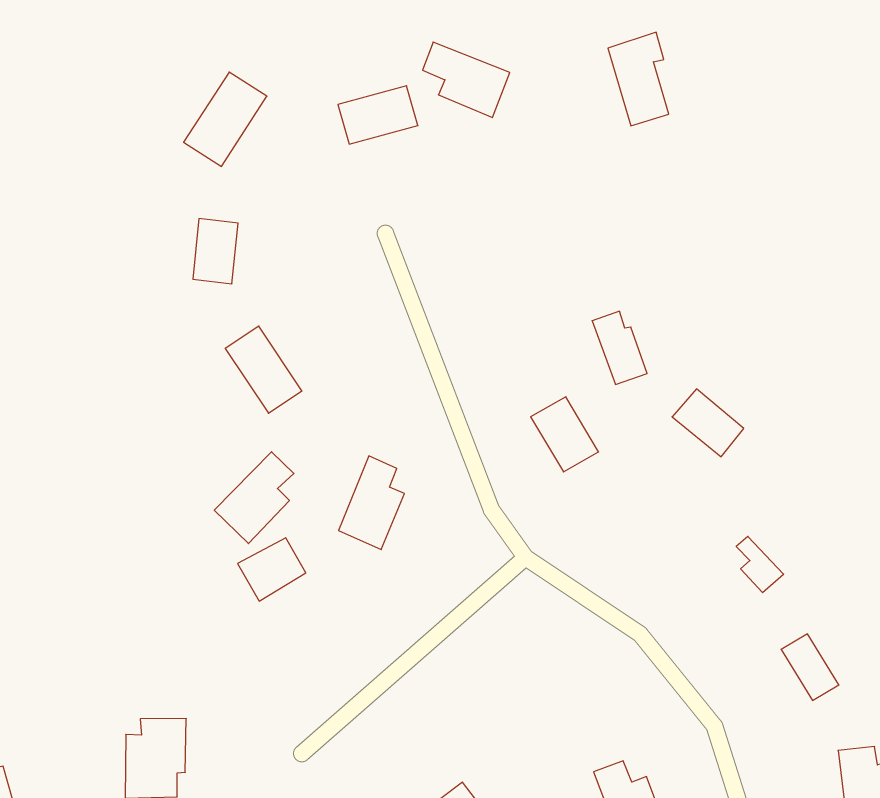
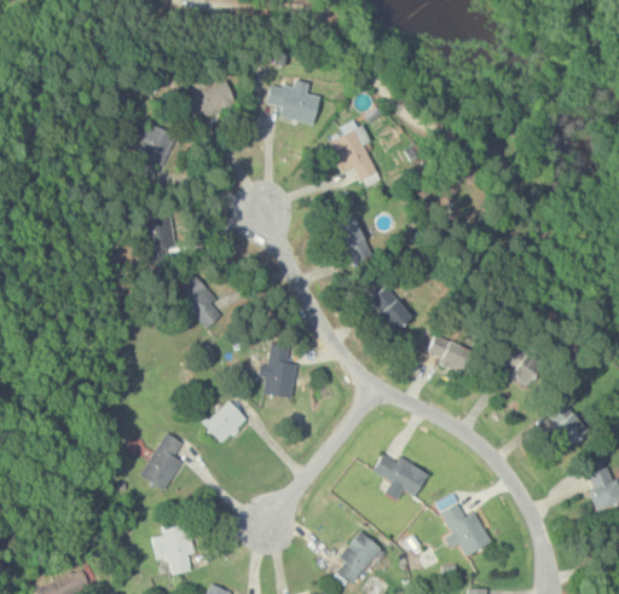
building: [608,32,669,126] -> [335,125,378,184]
building: [338,86,418,144] -> [185,80,236,121]
building: [592,311,647,384] -> [331,220,370,265]
building: [672,389,744,457] -> [428,331,473,370]
building: [214,452,294,544] -> [139,432,184,490]
building: none -> [374,449,428,496]

